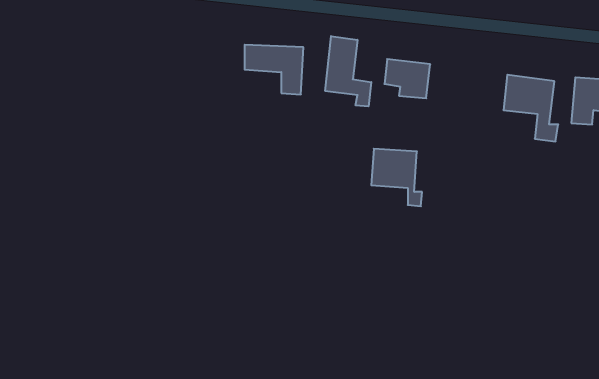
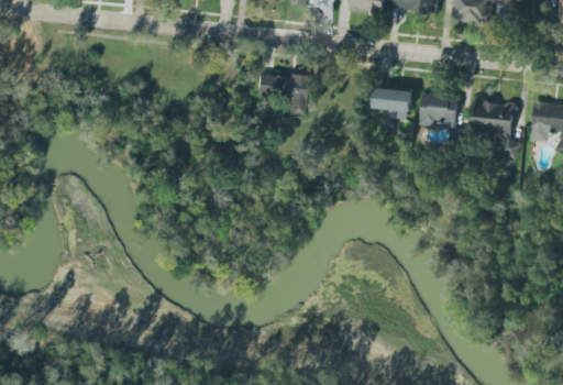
building: [325,36,371,106] -> none
building: [371,149,422,206] -> [420,92,463,141]

